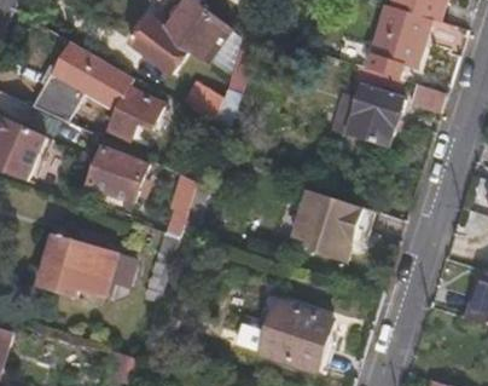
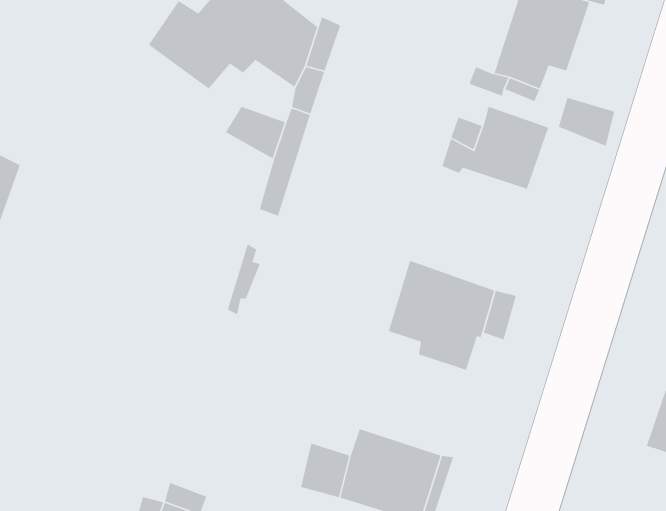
building: [35,39,158,138] -> none
building: [93,146,152,197] -> none
building: [43,237,126,300] -> none

